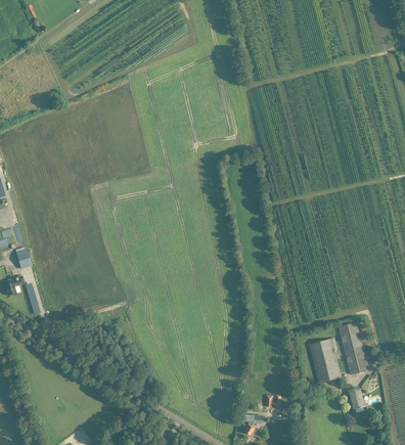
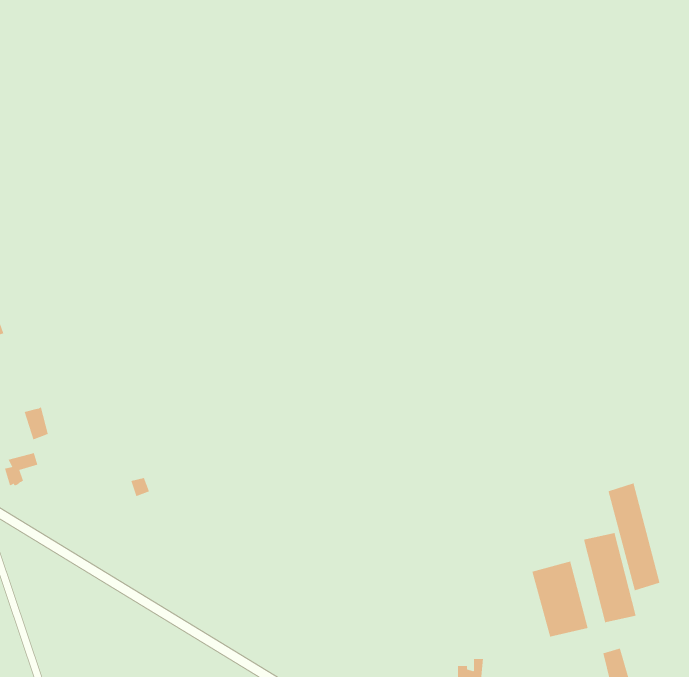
building: none -> [608,483,660,591]

